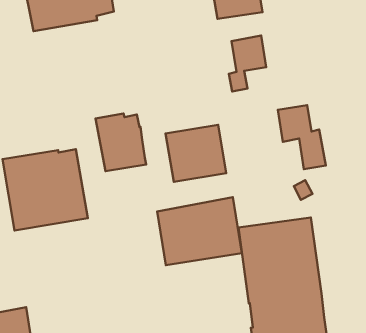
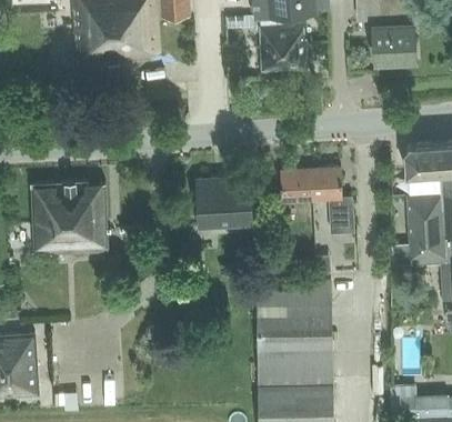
building: [229,35,266,91] -> [274,168,312,220]
building: [96,113,146,171] -> none
building: [157,197,242,265] -> none

